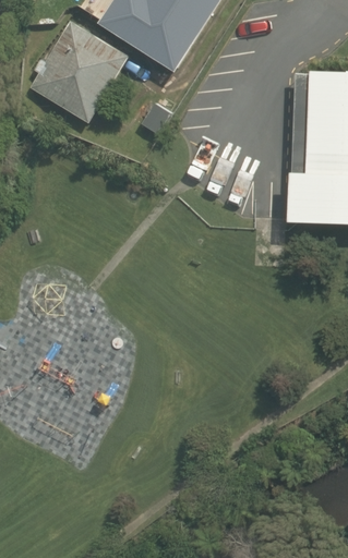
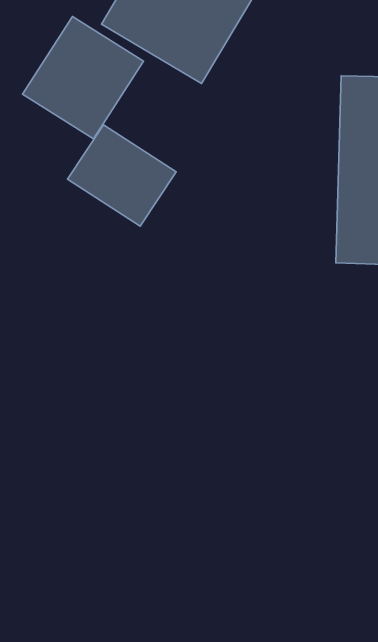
building: none -> [67,125,176,226]

